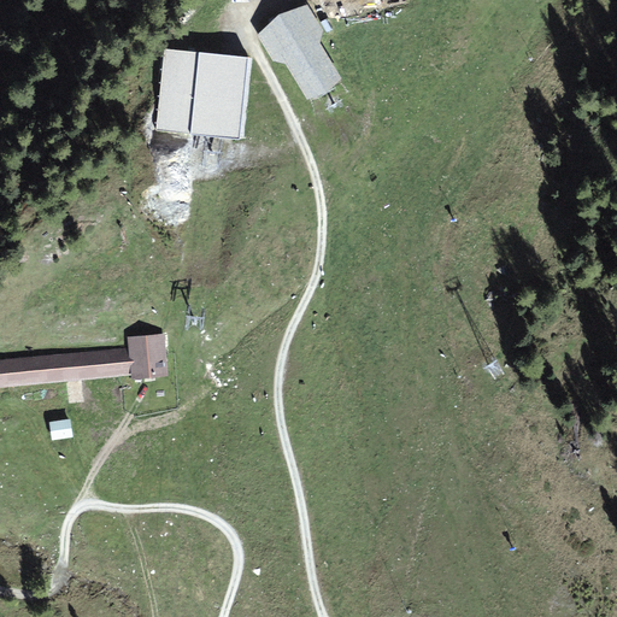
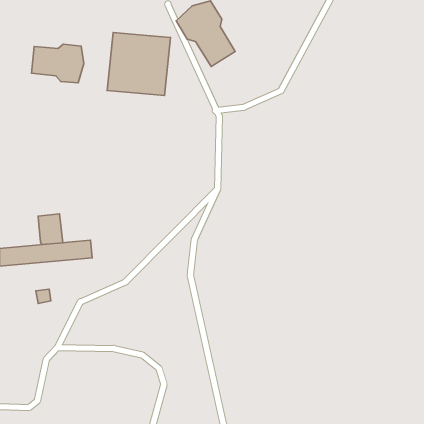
building: none -> [32,44,84,83]
building: [130,333,166,377] -> [38,214,63,244]

